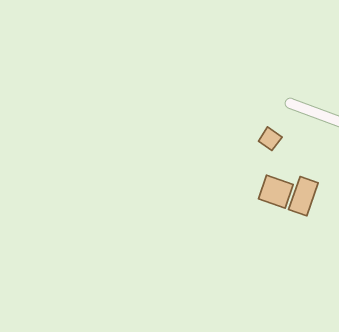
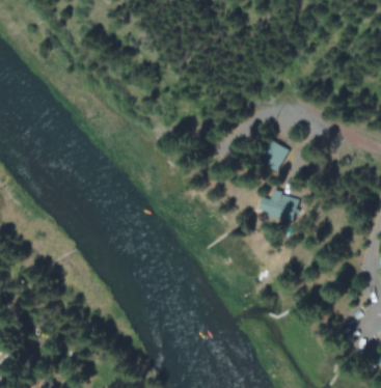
building: [289,177,318,216] -> none

